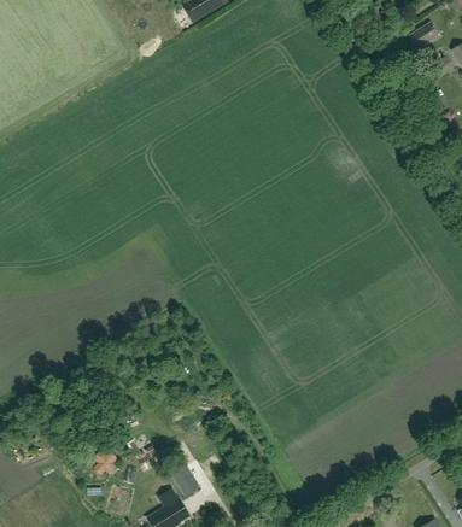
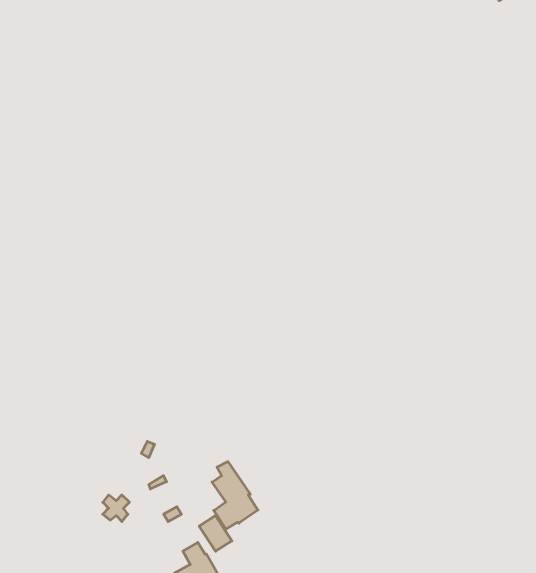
building: none -> [212,462,258,529]

